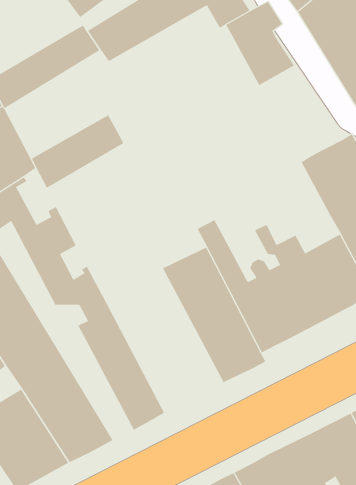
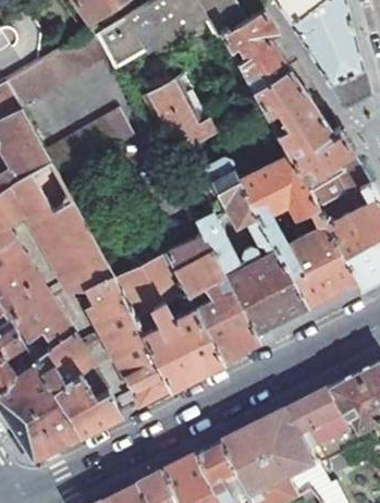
building: none -> [138,64,214,151]
building: none -> [253,70,329,151]
building: none -> [209,154,318,233]
building: none -> [111,228,220,387]

